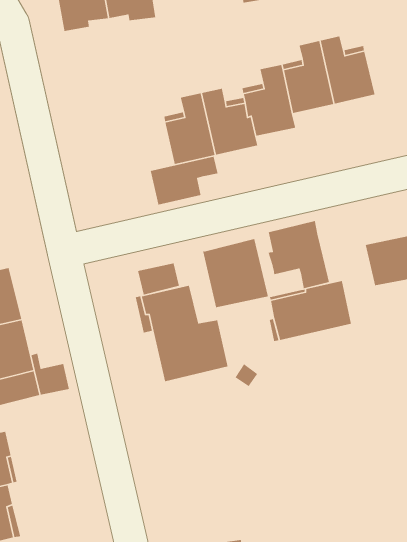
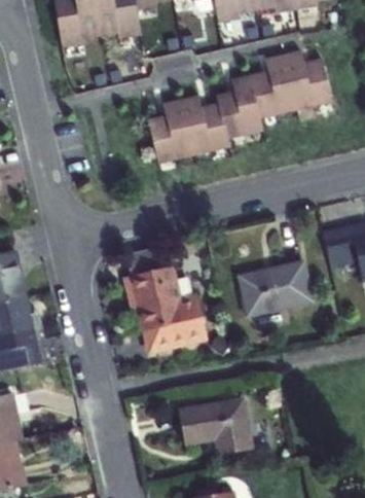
building: [150,156,218,206] -> none
building: [268,220,330,289] -> none
building: [202,238,269,308] -> none
building: none -> [180,399,252,453]

